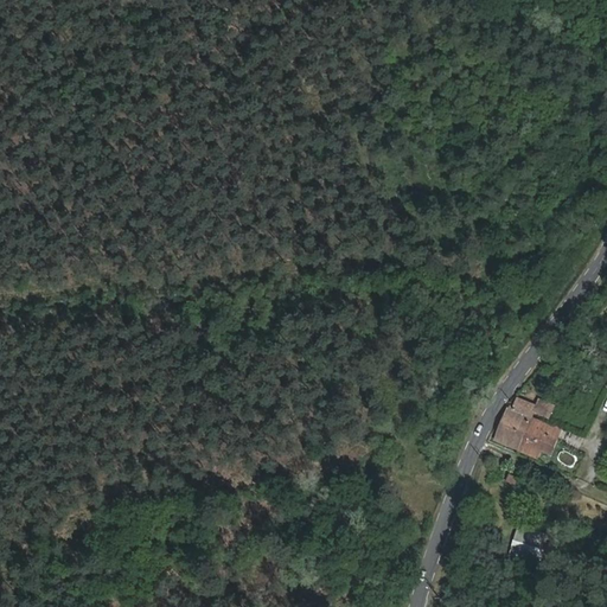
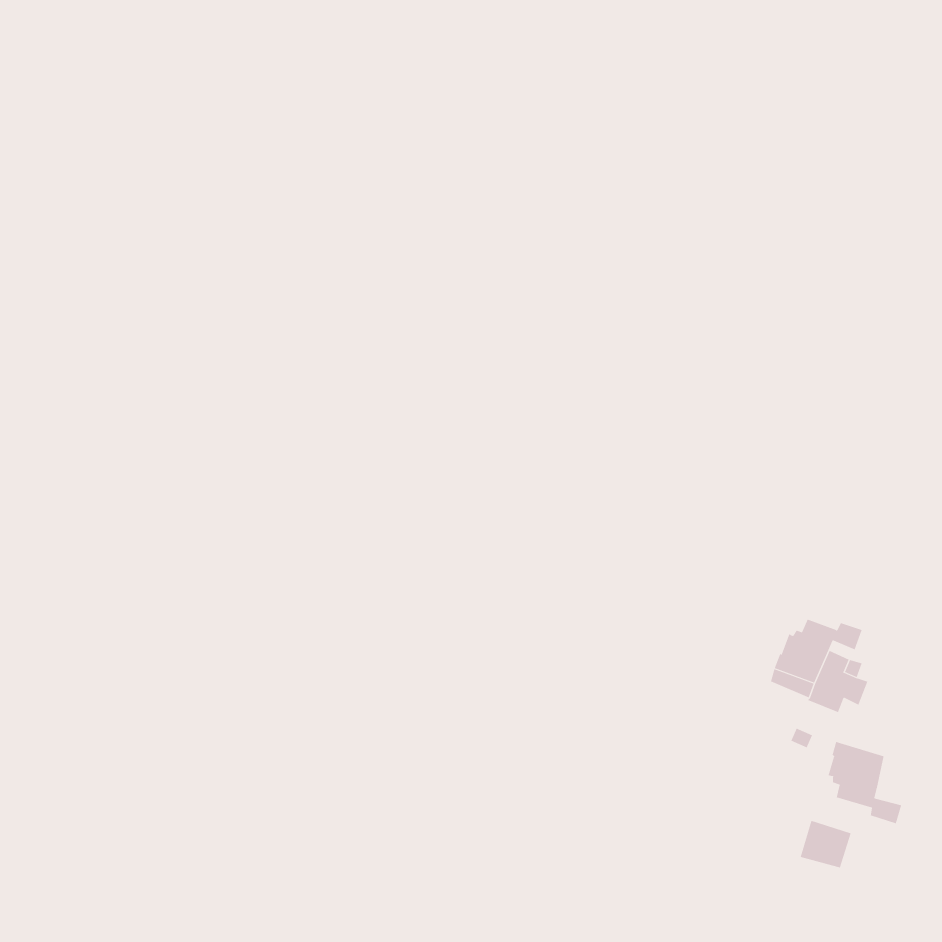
building: none -> [828,741,902,824]

